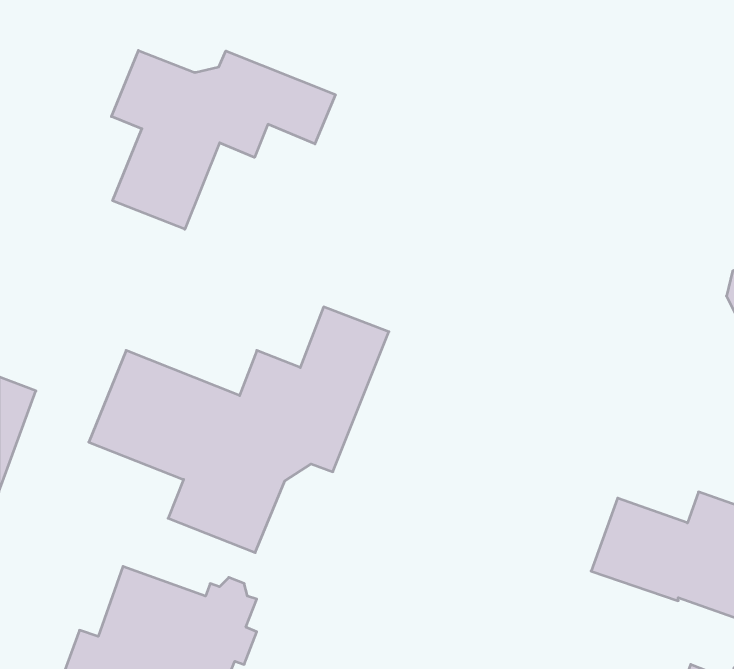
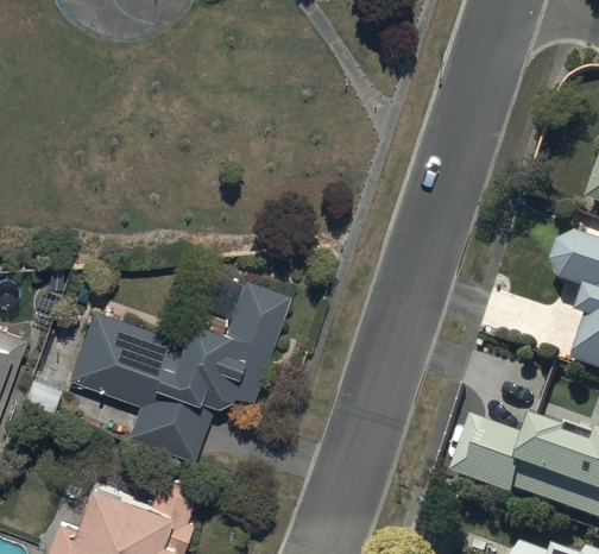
building: [111,50,335,229] -> none

